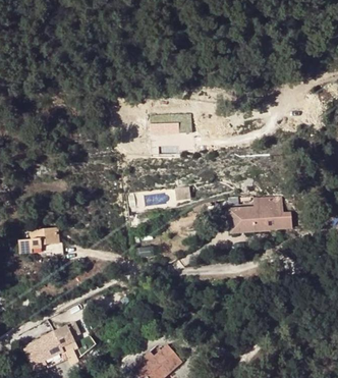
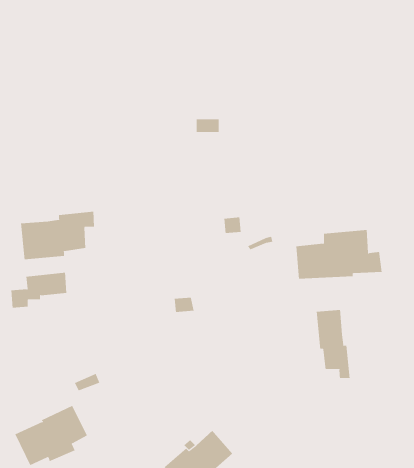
building: none -> [21,211,94,260]
building: none -> [316,309,350,379]

